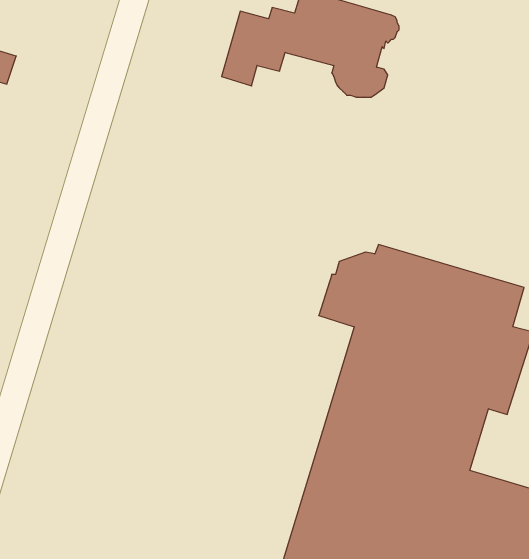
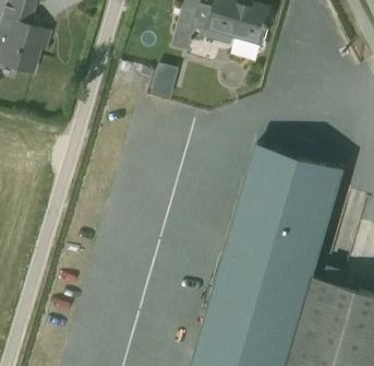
building: none -> [147,63,174,99]

